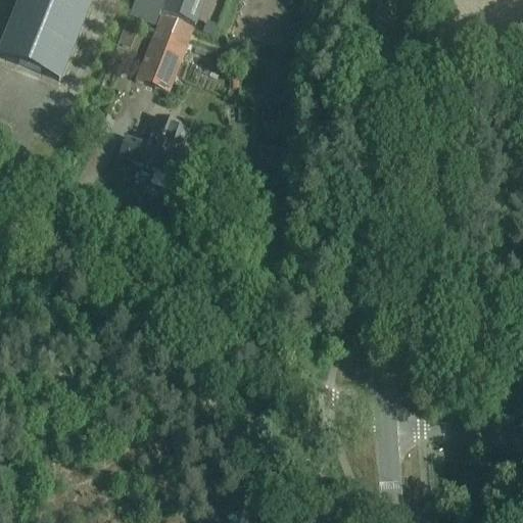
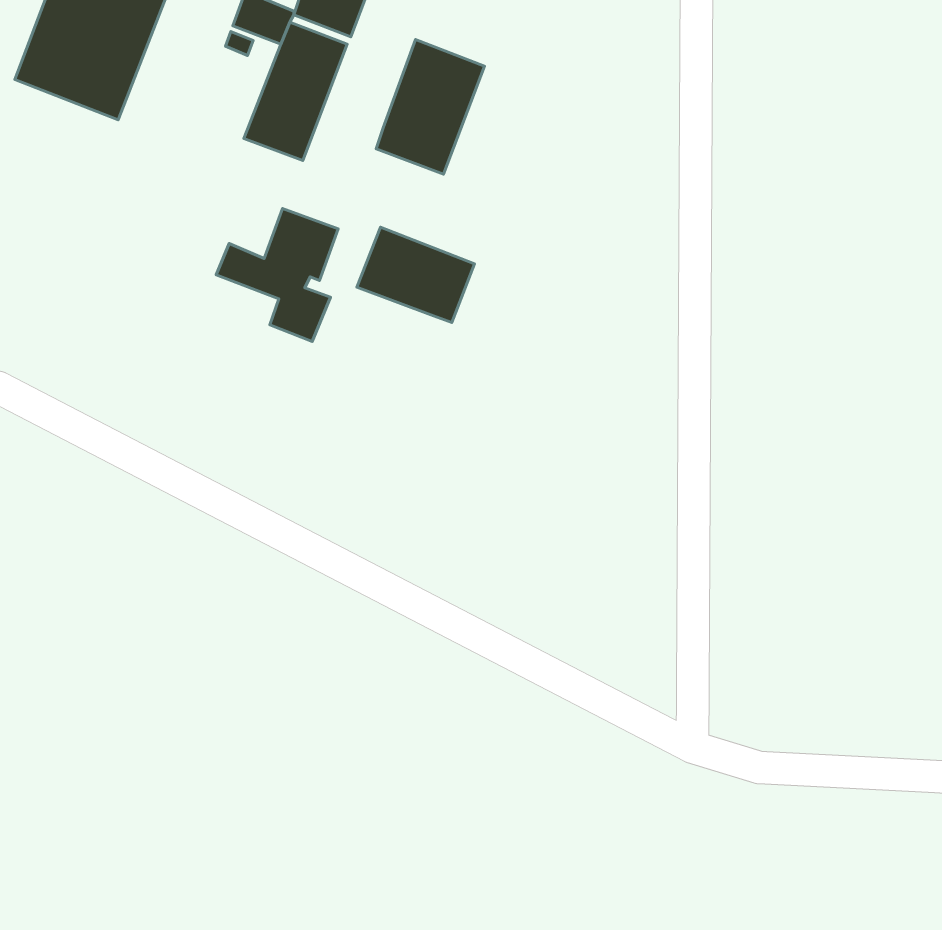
building: none -> [376,40,484,174]
building: none -> [357,227,475,322]

